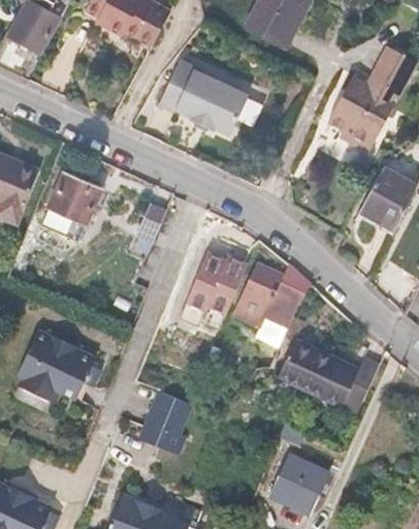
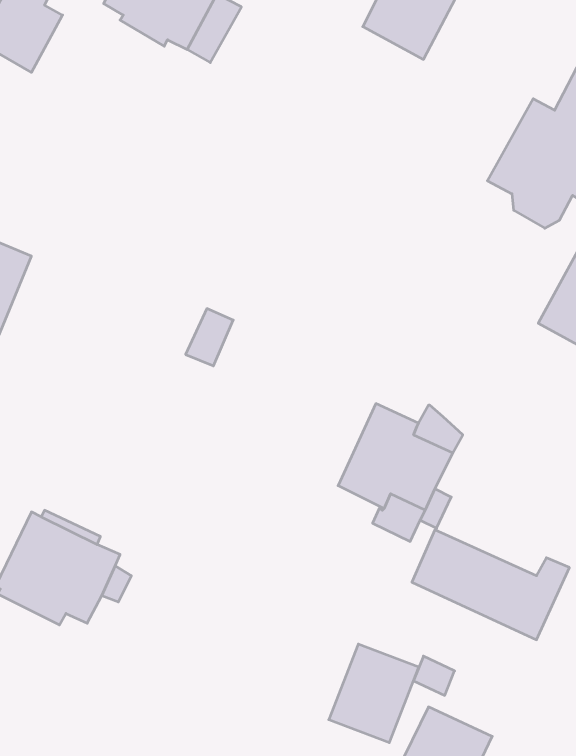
building: [158,60,249,136] -> none
building: [47,172,101,225] -> none
building: [181,253,245,330] -> none
building: [138,387,195,449] -> [329,644,419,743]

